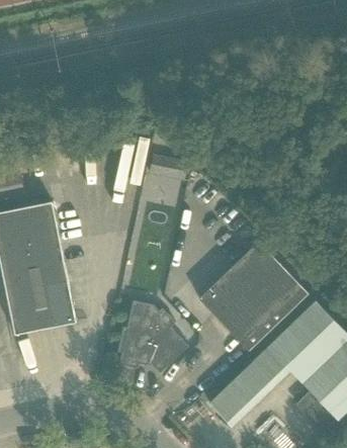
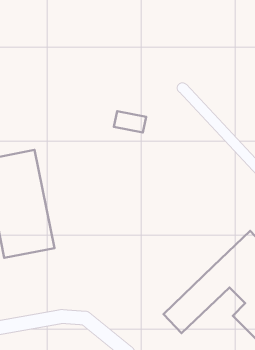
building: [198,241,309,350] -> none
building: [117,300,182,372] -> none

